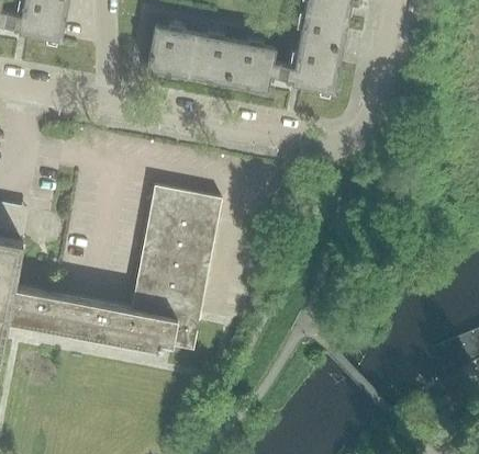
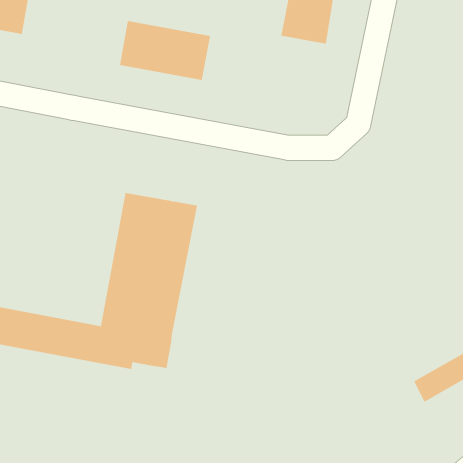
building: [226,42,342,92] -> none

